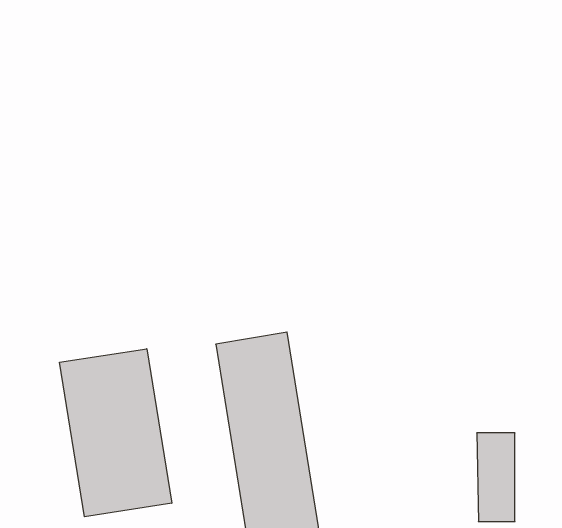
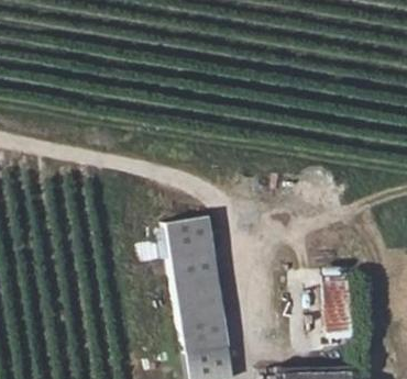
building: [60,349,172,517] -> none

